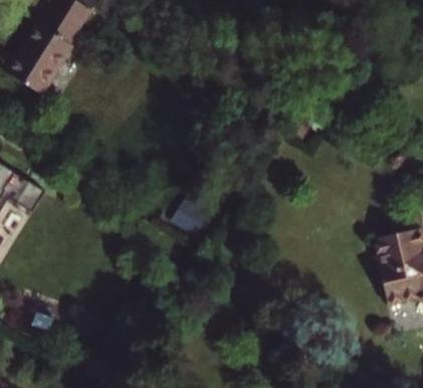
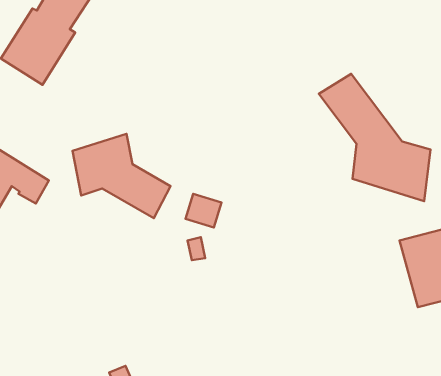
building: none -> [319,74,430,201]
building: none -> [72,134,171,218]

